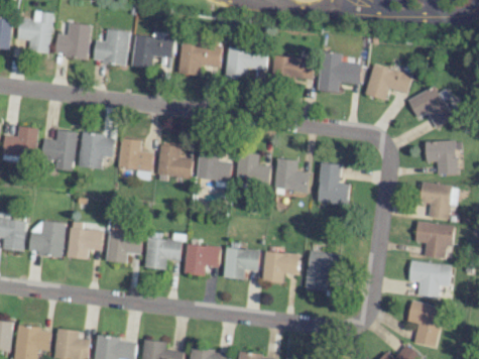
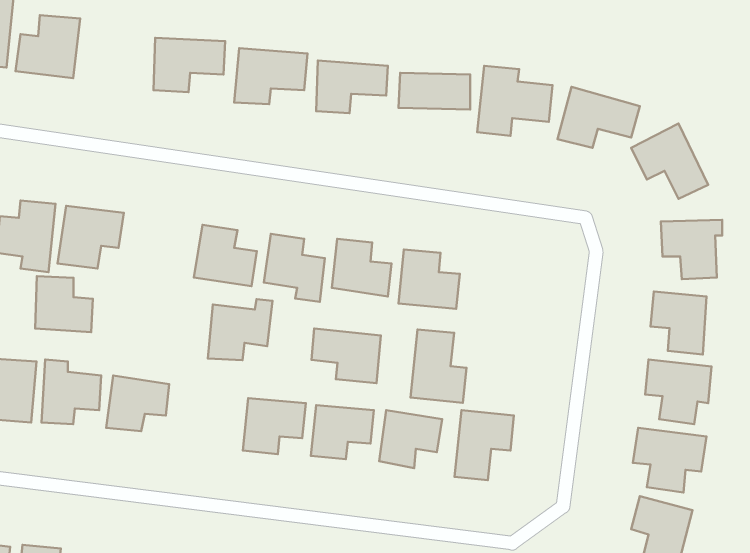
building: [93,28,130,65] -> none
building: [119,138,152,170] -> [35,276,93,332]
building: [318,161,350,204] -> [410,329,466,403]
building: none -> [311,328,381,383]
building: [145,233,183,268] -> [208,299,272,360]

